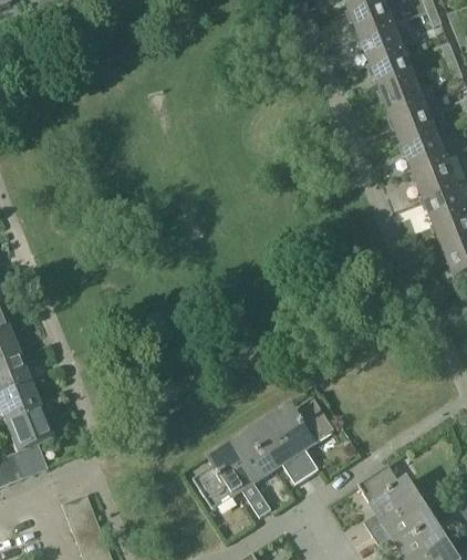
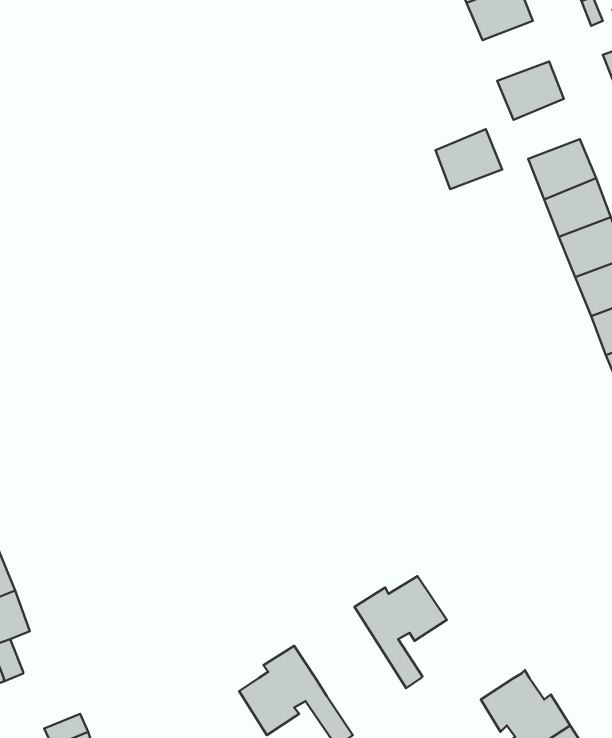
building: [360,22,405,63] -> none
building: [381,75,426,116] -> [435,129,502,189]
building: [231,422,308,485] -> none

